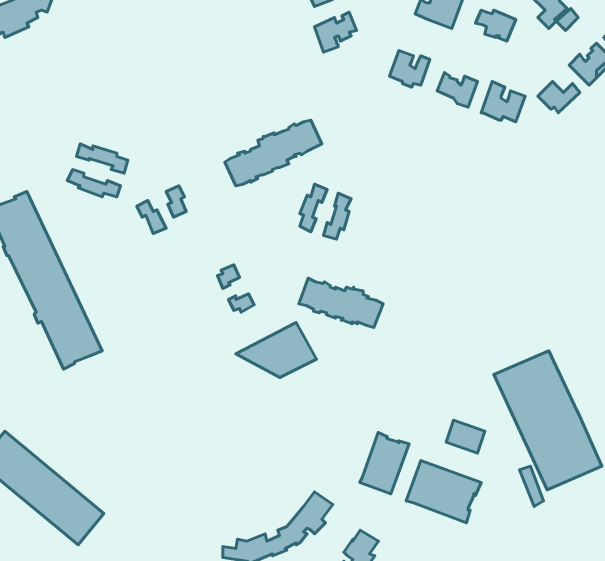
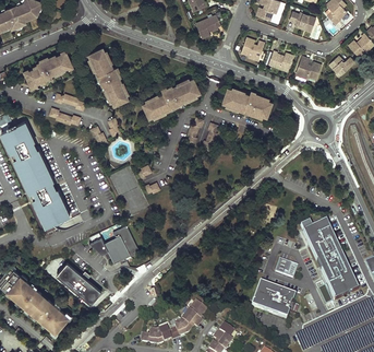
building: none -> [87,48,128,106]
building: none -> [24,51,72,86]
building: [299,278,383,327] -> [221,87,272,117]
building: [236,323,316,377] -> [91,227,138,260]
building: none -> [56,262,101,304]
building: [360,433,409,494] -> none

